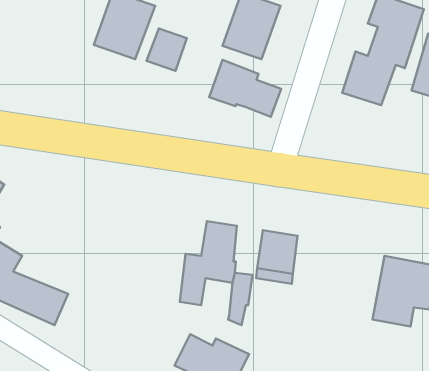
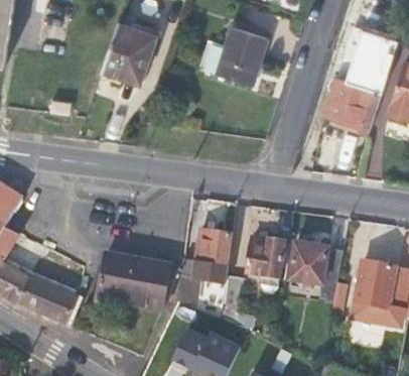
building: [146,29,187,71] -> none
building: [209,60,281,117] -> none
building: none -> [290,245,344,302]
building: none -> [85,248,160,309]

